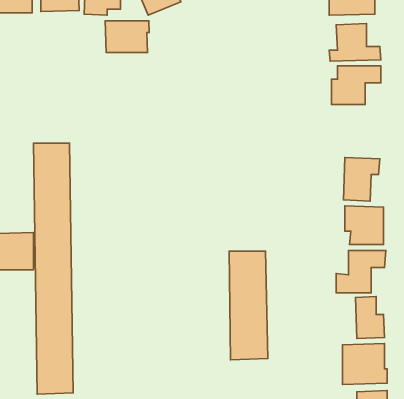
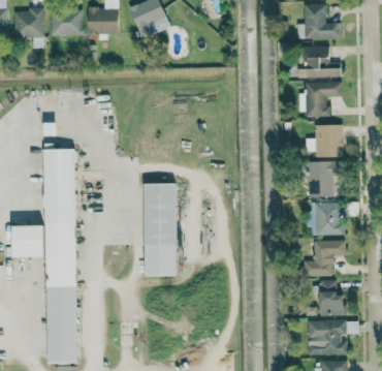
building: [105,21,149,53] -> none
building: none -> [306,125,344,158]
building: [229,251,268,360] -> [145,184,178,277]

